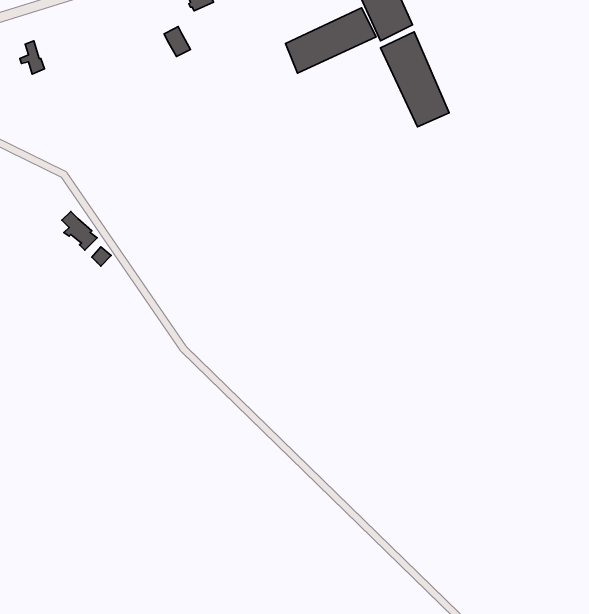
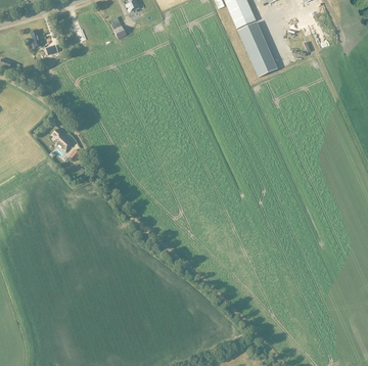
building: [286,8,376,73] -> none

